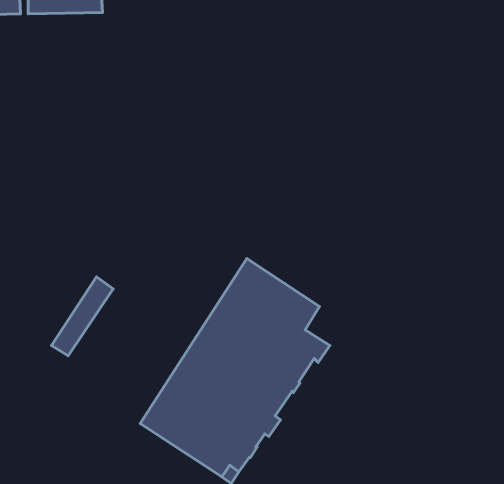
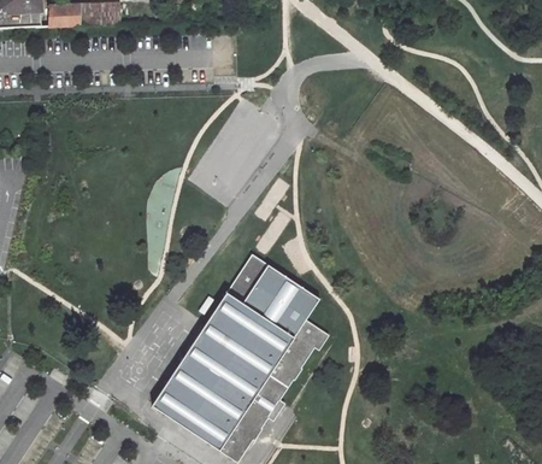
building: [52,277,113,356] -> none

